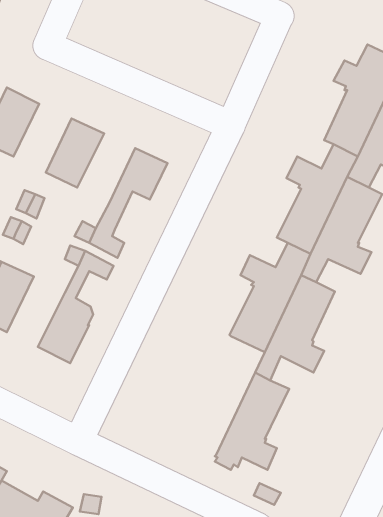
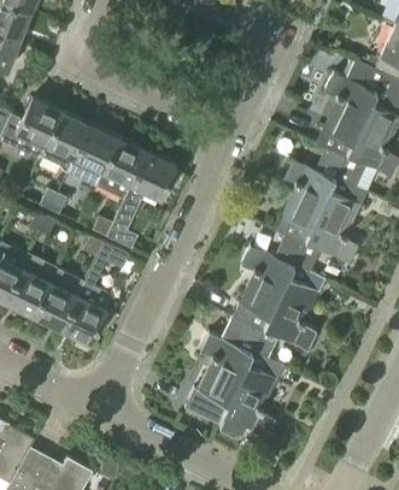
building: none -> [39,112,90,173]
building: none -> [95,138,147,200]
building: none -> [33,266,84,329]
building: none -> [186,319,263,425]

